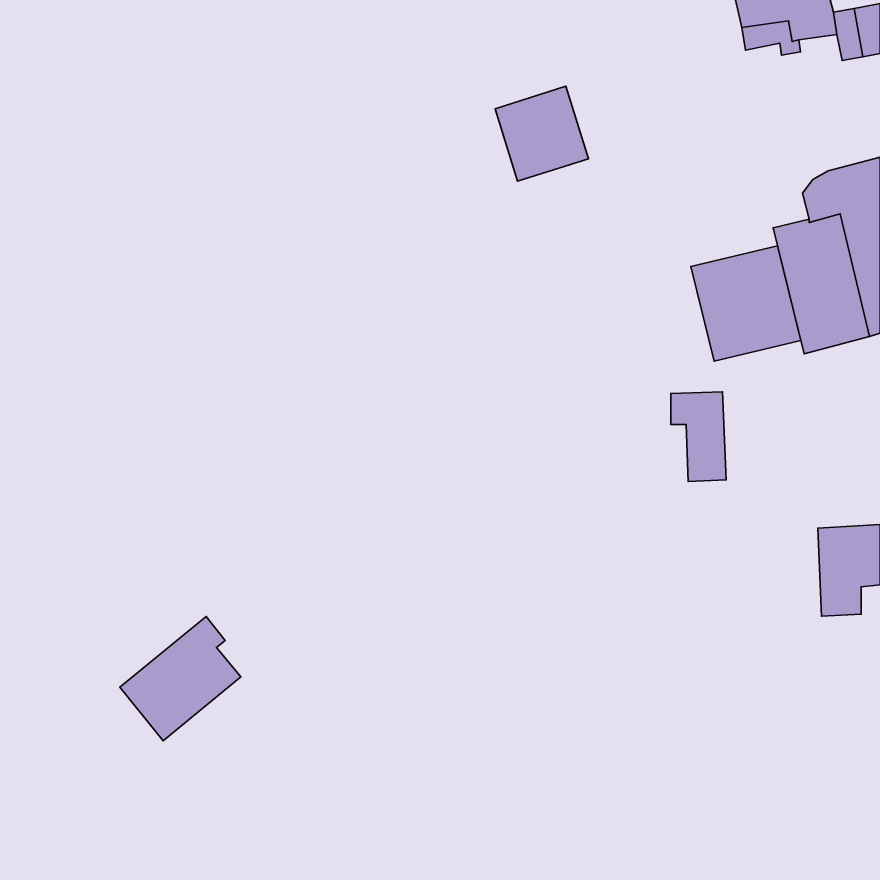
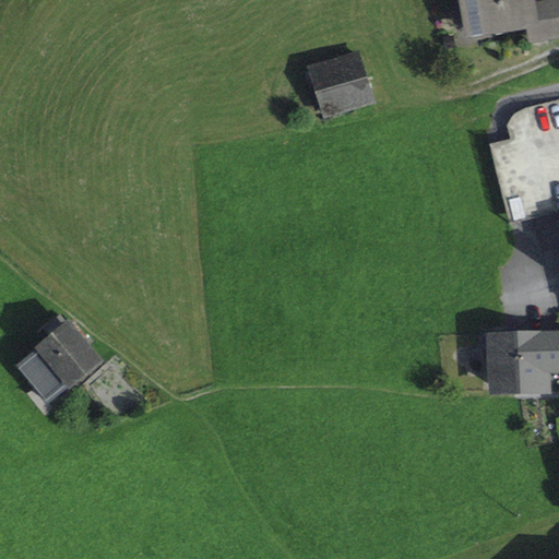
building: [691,246,801,361] -> none
building: [671,392,726,482] -> [485,334,520,391]
building: [120,616,241,741] -> [20,322,96,401]

